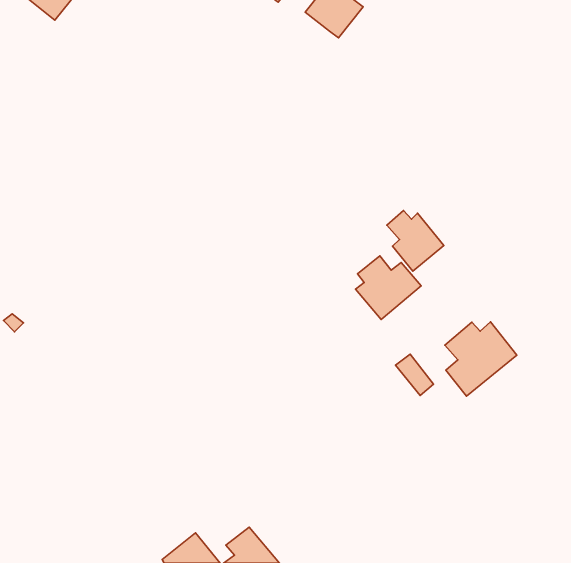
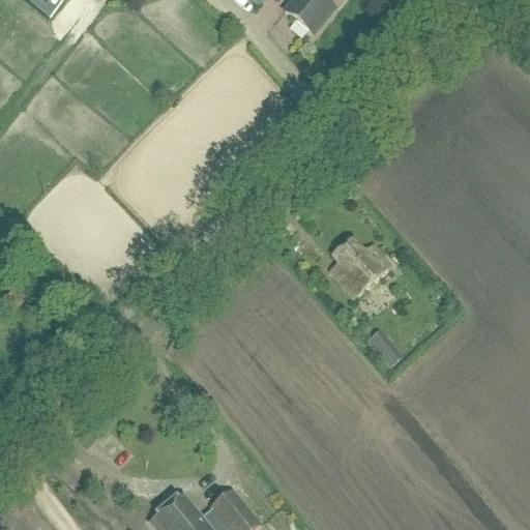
building: [387,211,444,271] -> none
building: [445,322,517,396] -> none

